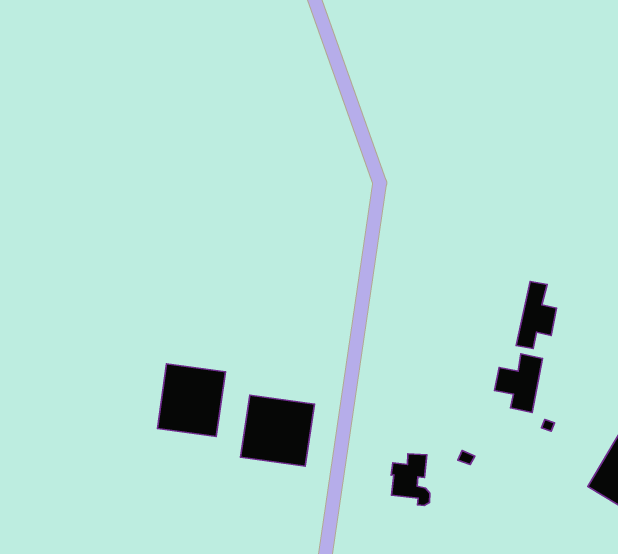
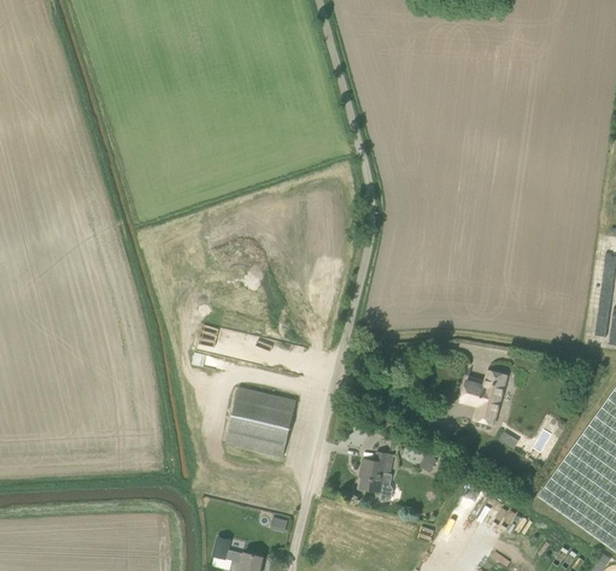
building: [516,281,557,348] -> none
building: [157,364,225,436] -> none

